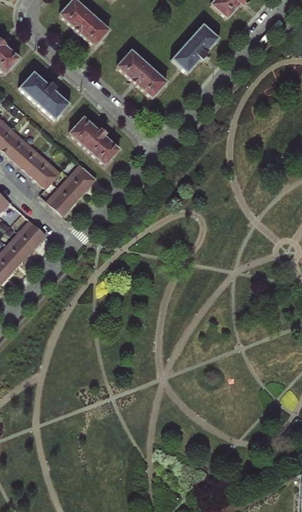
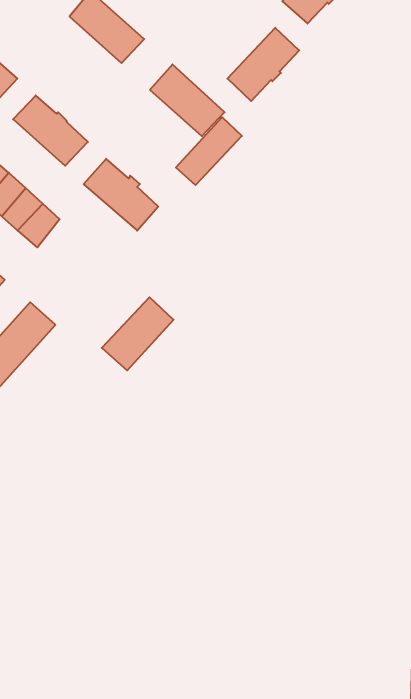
building: none -> [176,117,242,185]
building: [34,158,62,188] -> none
building: [46,163,97,215] -> [102,297,174,370]

